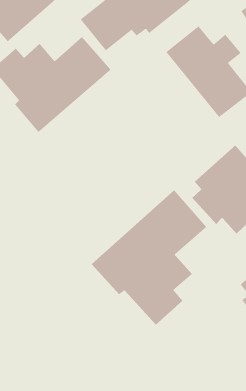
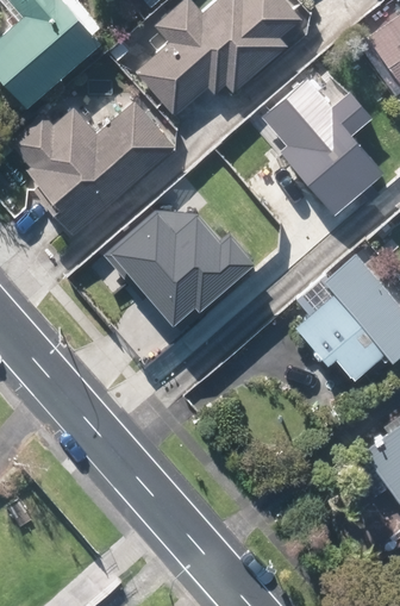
building: none -> [101,207,248,329]
building: [91,190,207,325] -> none

